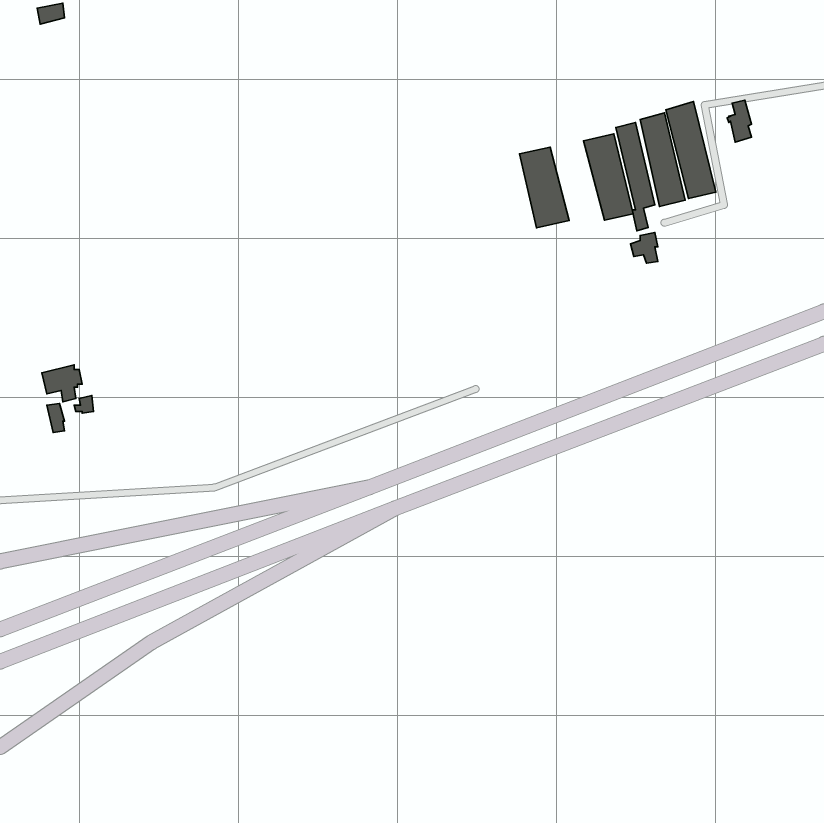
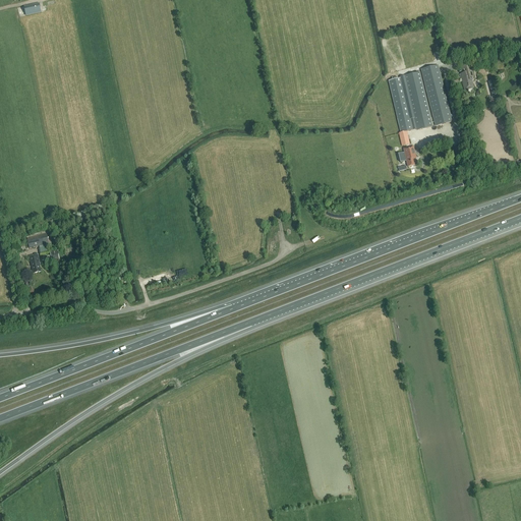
building: [584,134,633,220] -> none
building: [519,147,569,228] -> none

